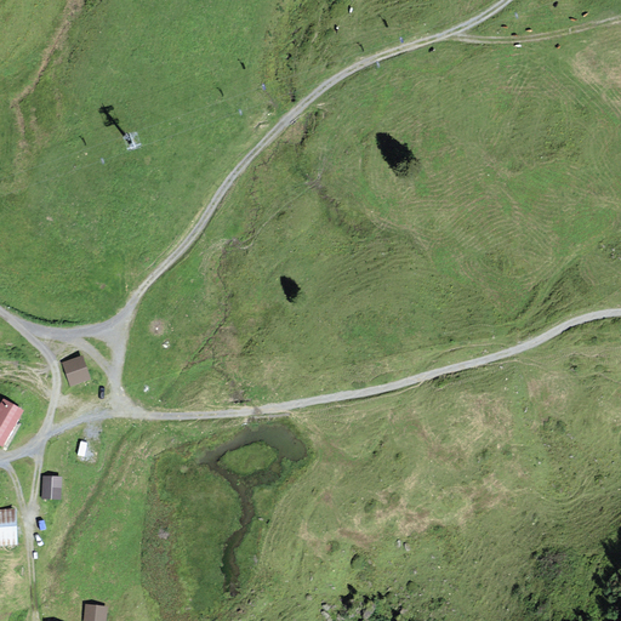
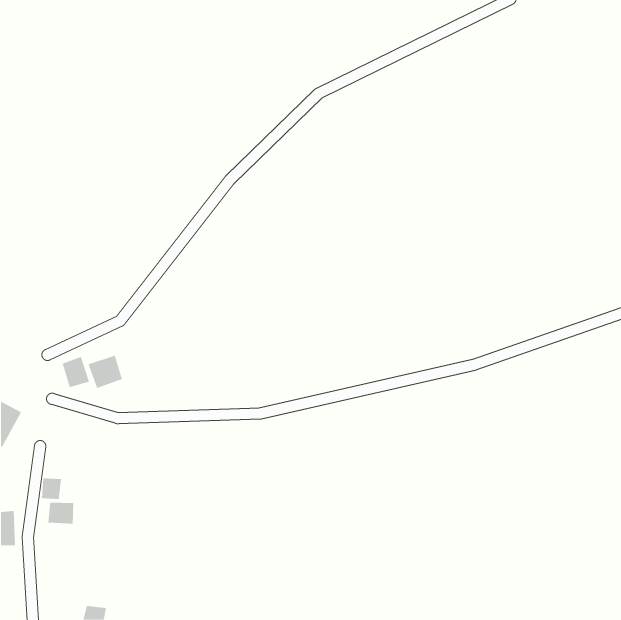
building: none -> [88,355,123,389]
building: none -> [48,502,74,525]

